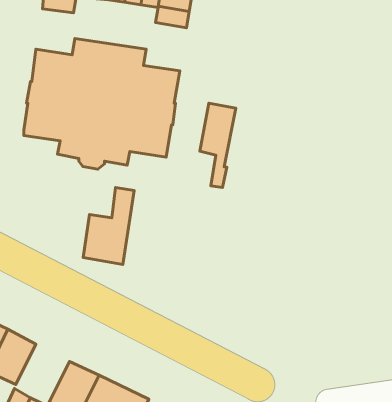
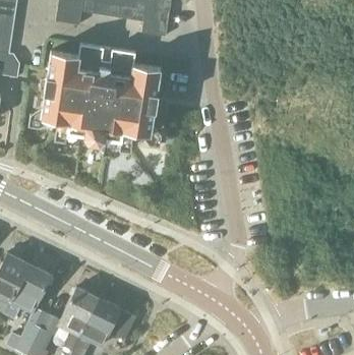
building: [200,103,236,188] -> none
building: [83,188,134,265] -> none

